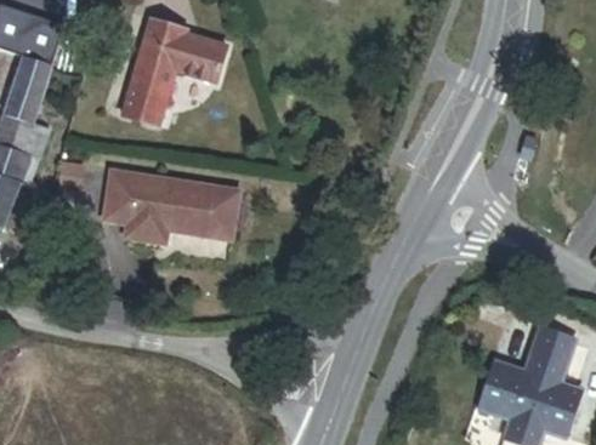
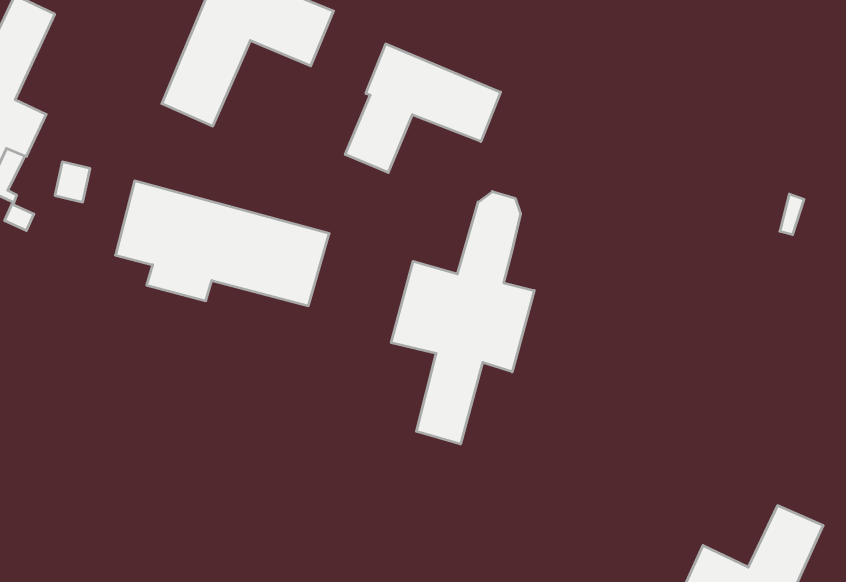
building: none -> [345,44,501,173]
building: none -> [391,191,534,444]

